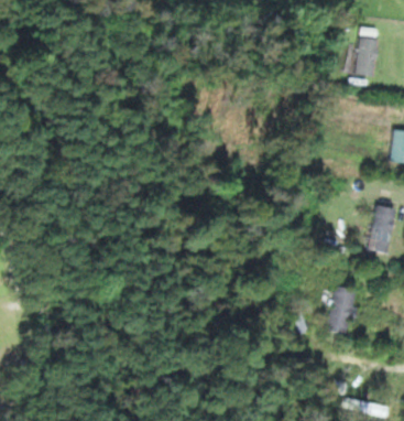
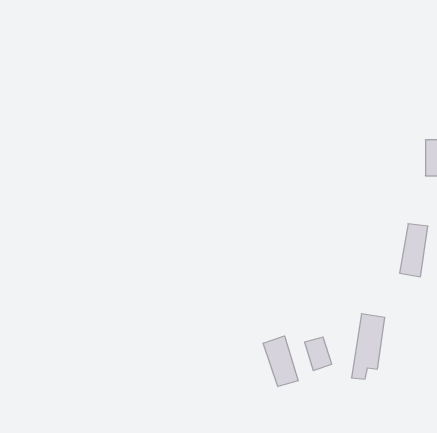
building: [354,37,378,77] -> none
building: none -> [263,336,298,387]

